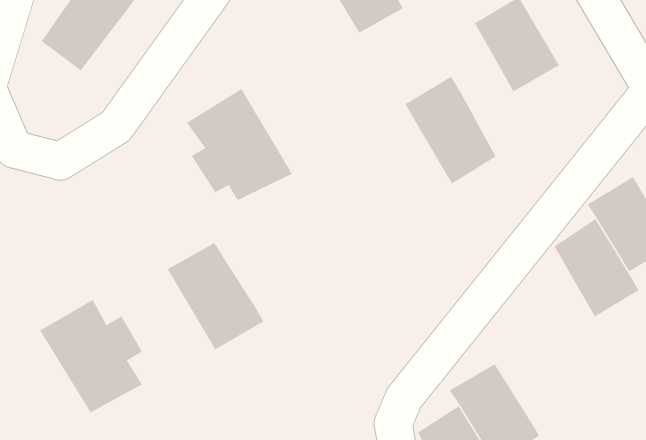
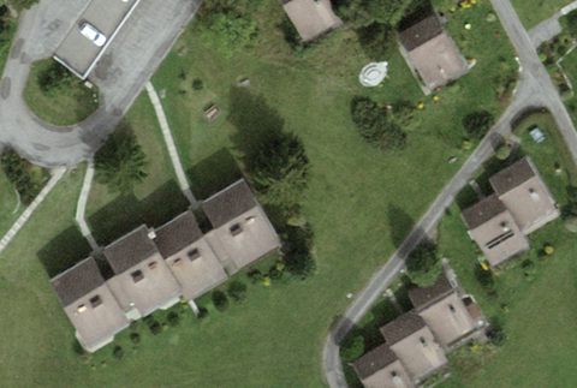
building: [404,76,496,185] -> none
building: [186,88,293,201] -> [197,174,282,264]
building: none -> [102,222,182,315]
building: none -> [405,271,475,348]

